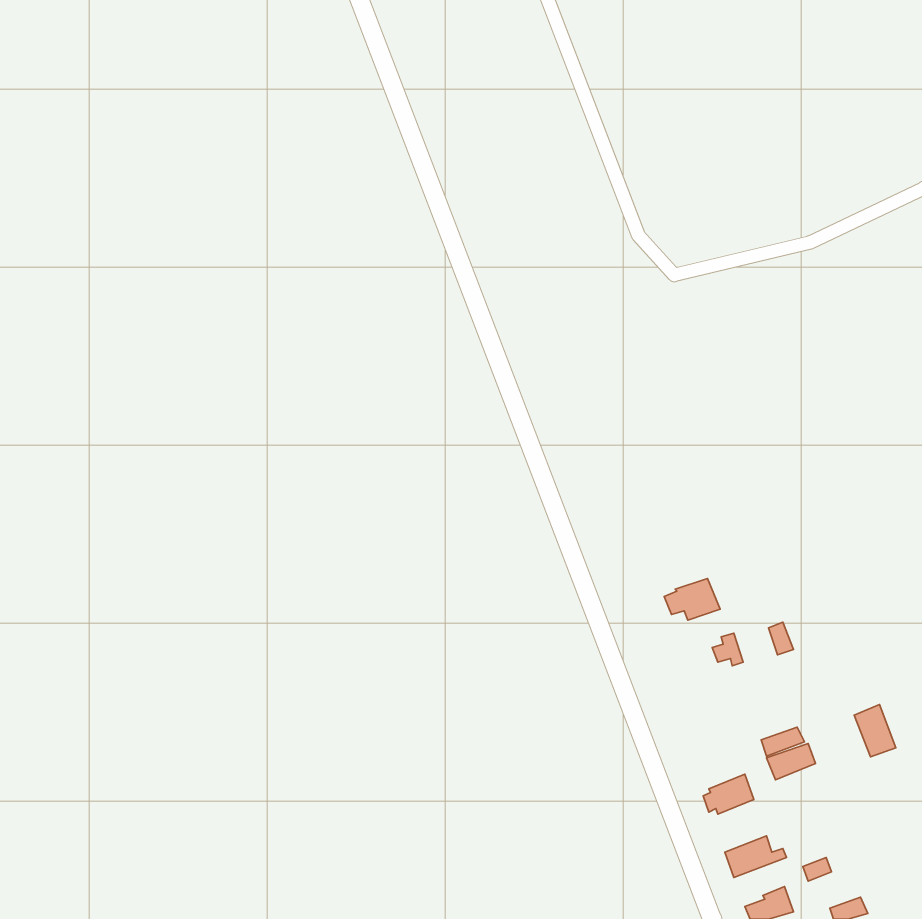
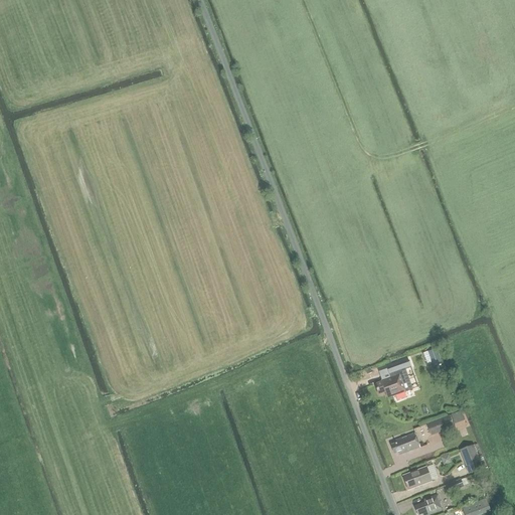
building: [664,578,720,620] -> [375,372,406,395]
building: [854,704,896,757] -> [461,443,484,472]

